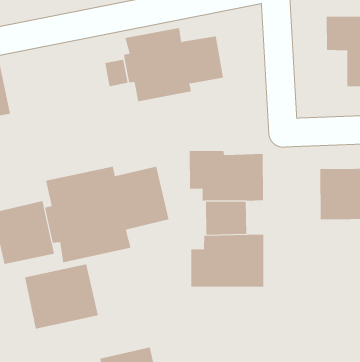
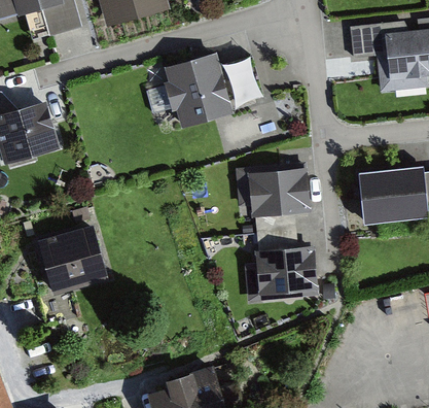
building: [45,166,169,263] -> none
building: [25,264,99,330] -> none

